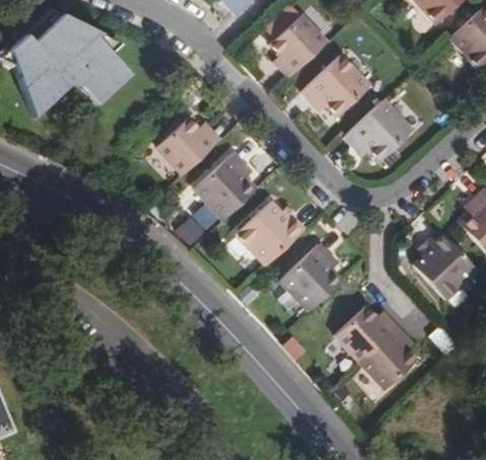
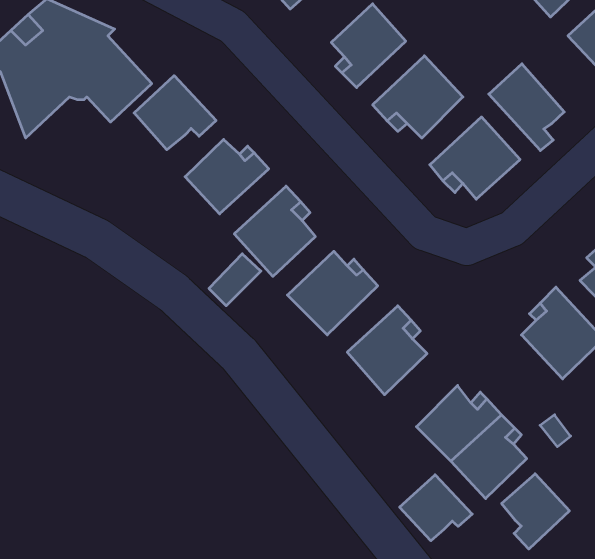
building: none -> [489,64,564,151]
building: none -> [134,76,216,150]
building: none -> [502,474,569,549]
building: none -> [400,475,472,541]

